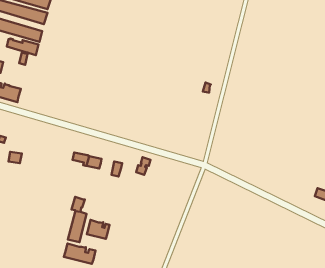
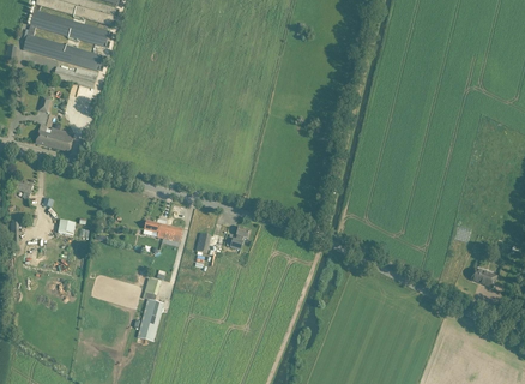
building: [87,220,110,239] -> none
building: [64,243,96,264] -> none

